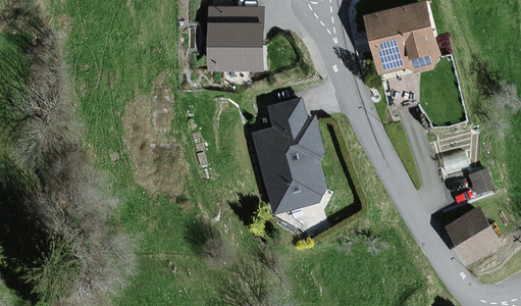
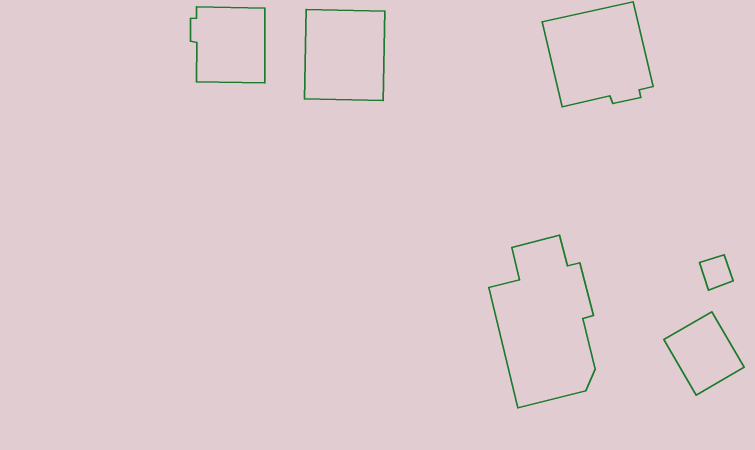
building: none -> [190,7,265,83]
building: [253,98,323,212] -> [489,235,595,408]

